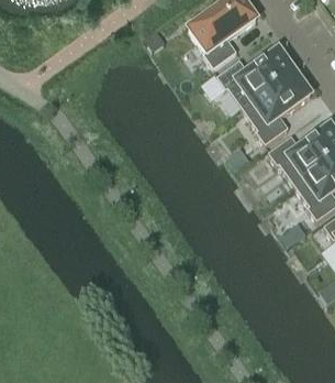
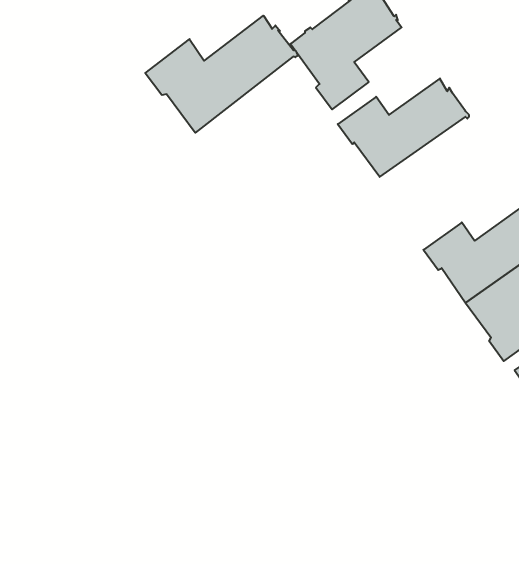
building: none -> [145,16,298,133]
building: [243,73,311,144] -> none

